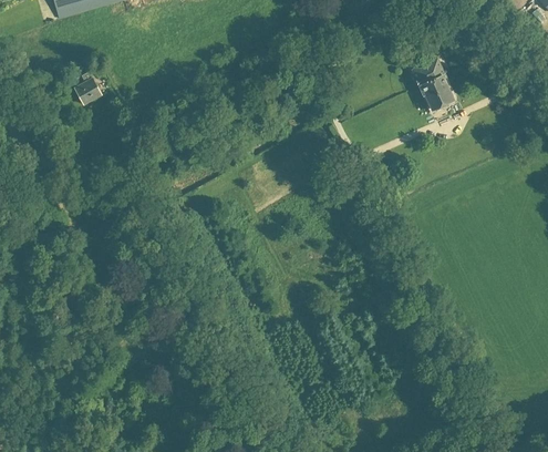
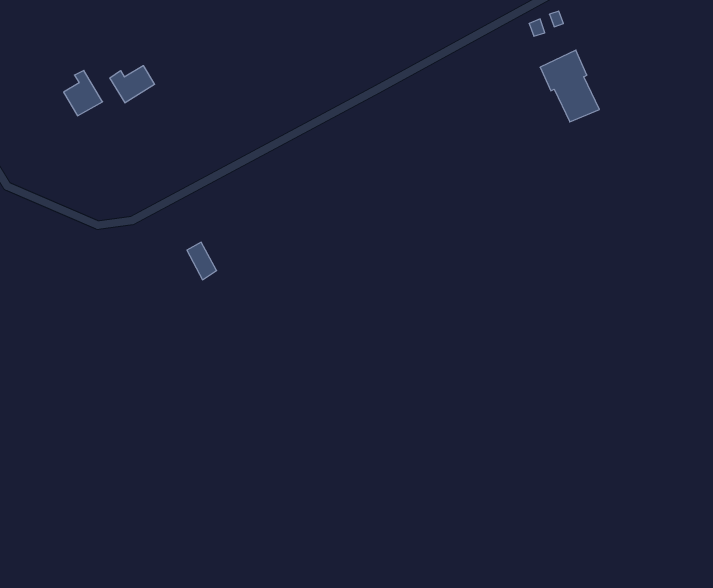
building: none -> [110,66,155,103]

